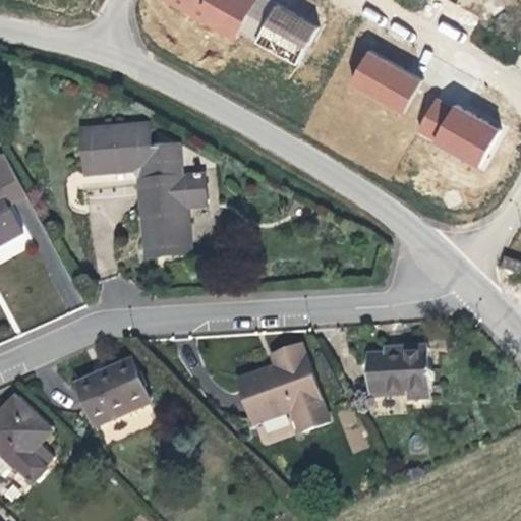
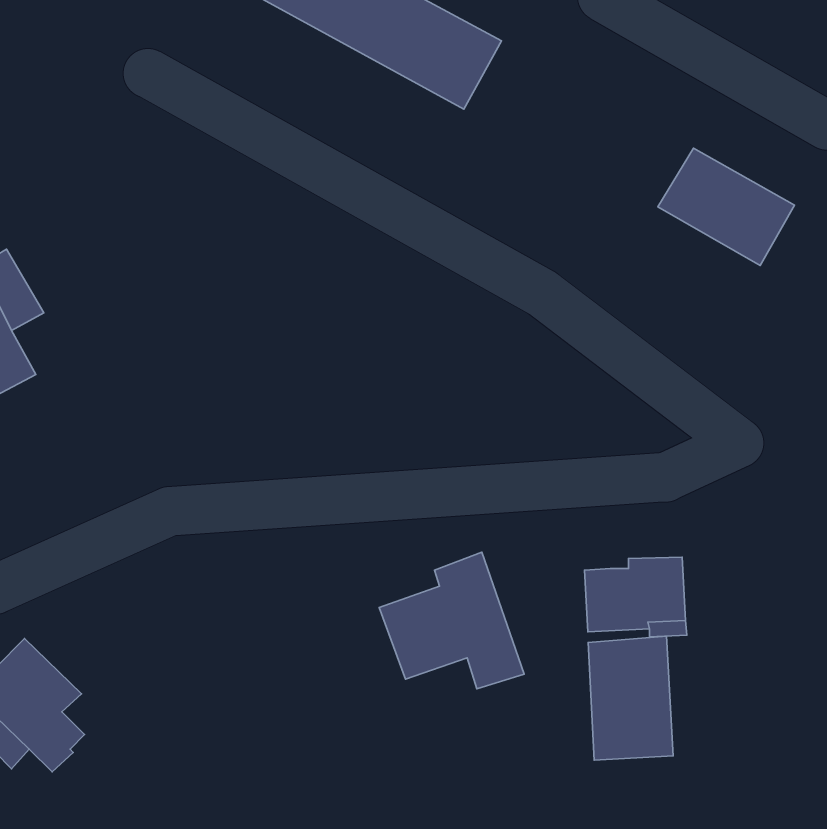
building: [344,47,418,112] -> none
building: [84,119,199,246] -> none
building: [76,361,149,425] -> none
building: none -> [588,636,673,760]

